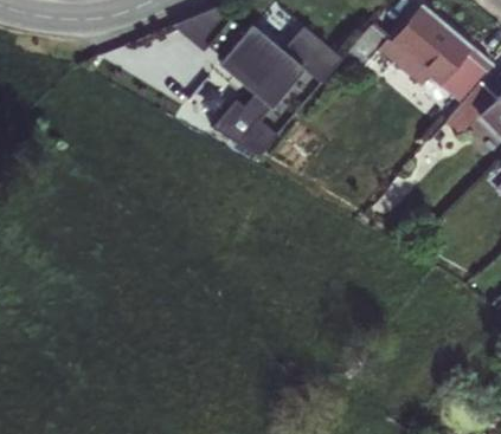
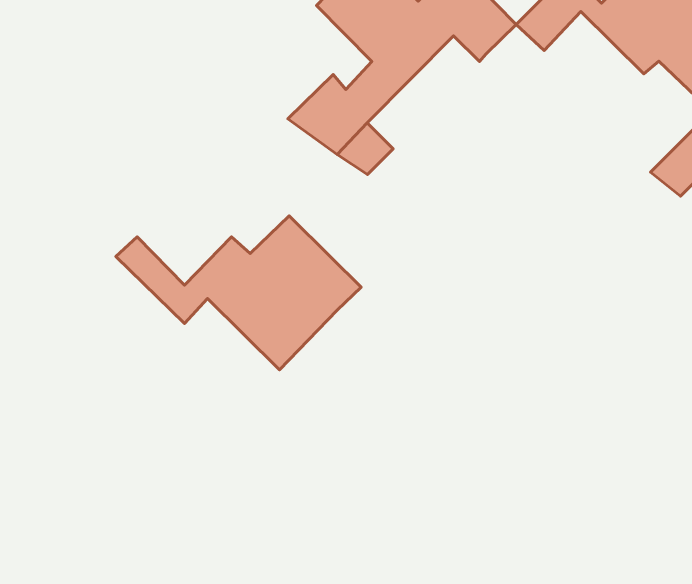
building: none -> [116,216,361,370]

